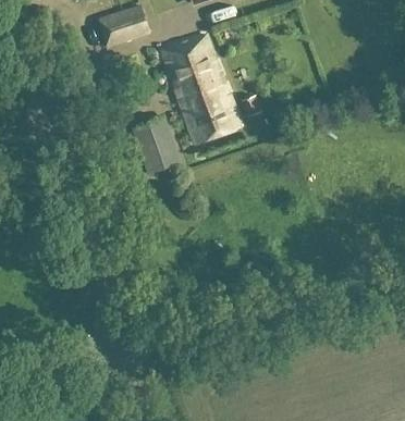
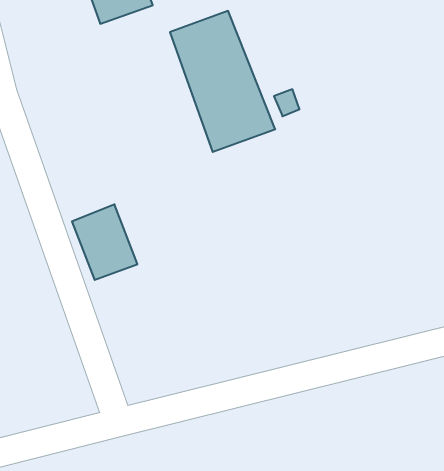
building: [131,116,181,174] -> [72,204,137,280]

